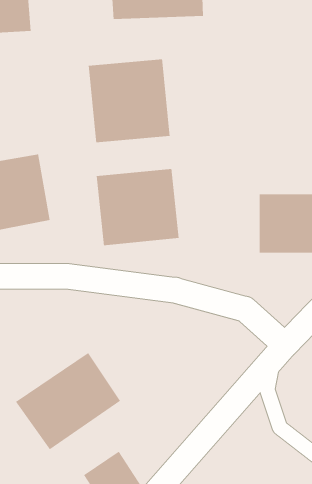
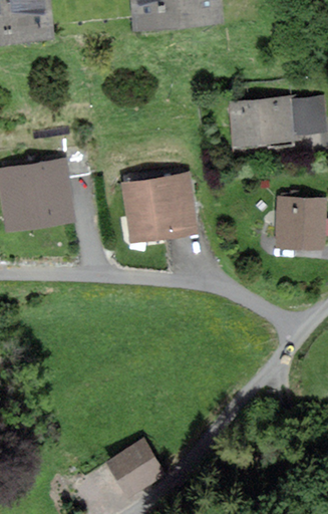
building: [88,58,170,143] -> none
building: none -> [235,97,320,141]
building: [15,352,121,450] -> none

